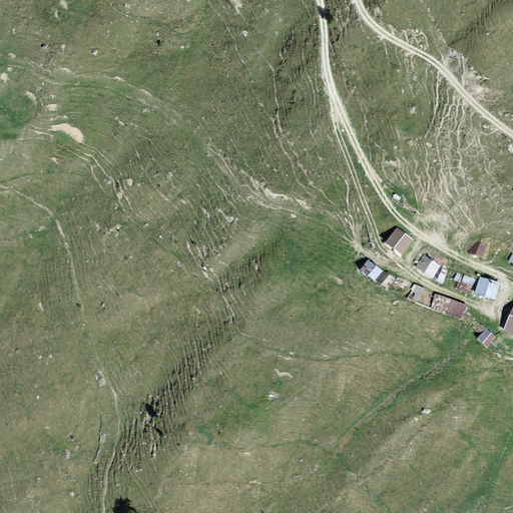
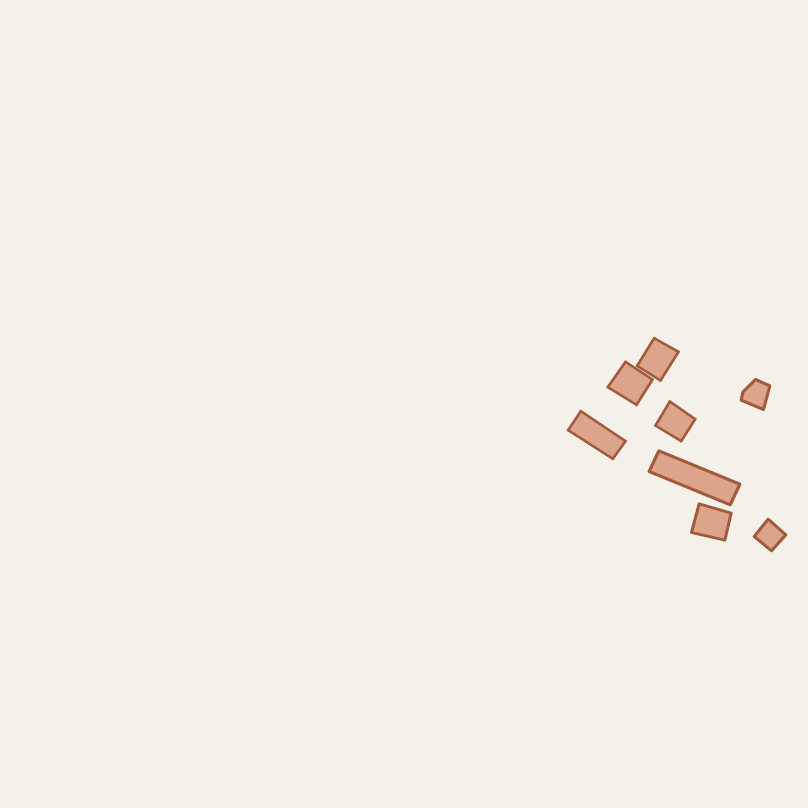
building: none -> [637,338,679,380]
building: [474,278,499,301] -> [691,504,731,540]

